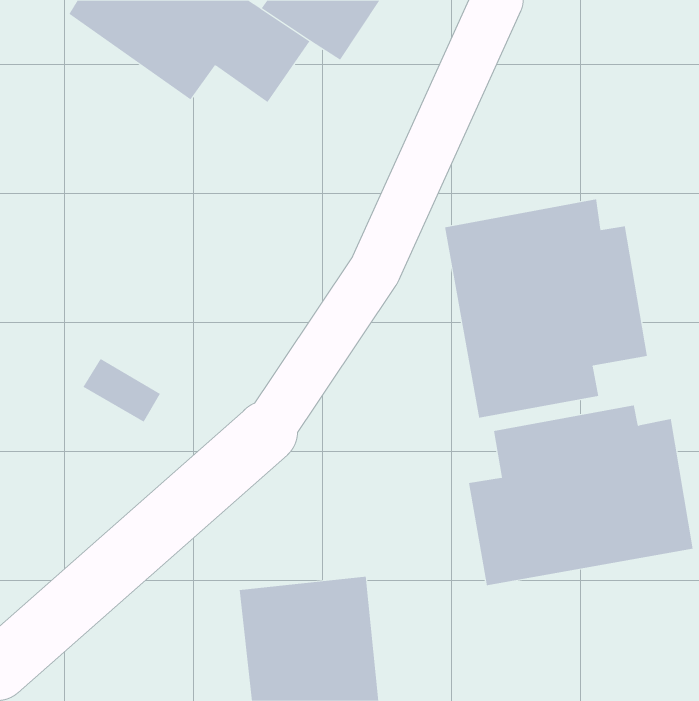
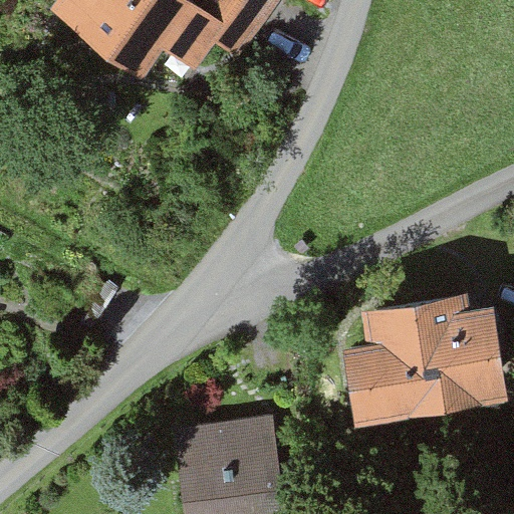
building: [445,199,648,418] -> none

